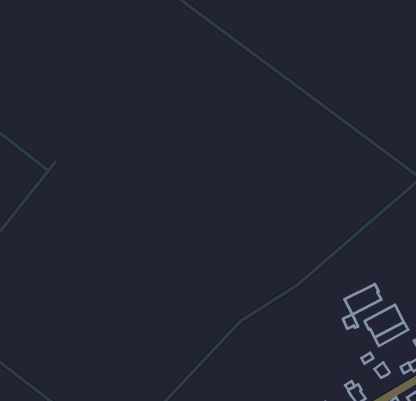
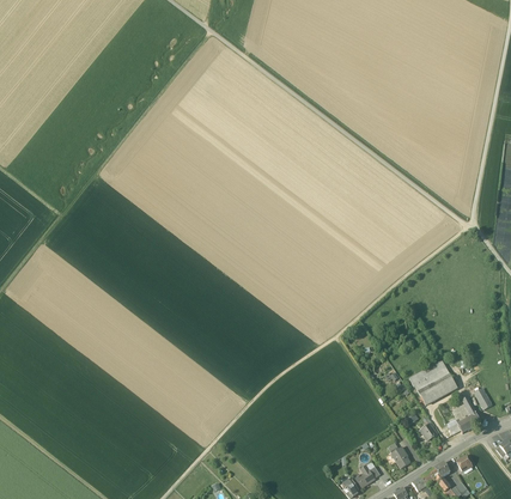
building: [344,284,381,315] -> none

